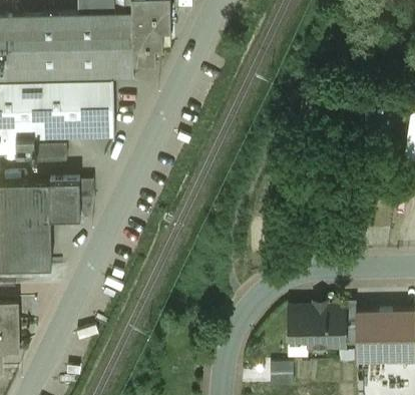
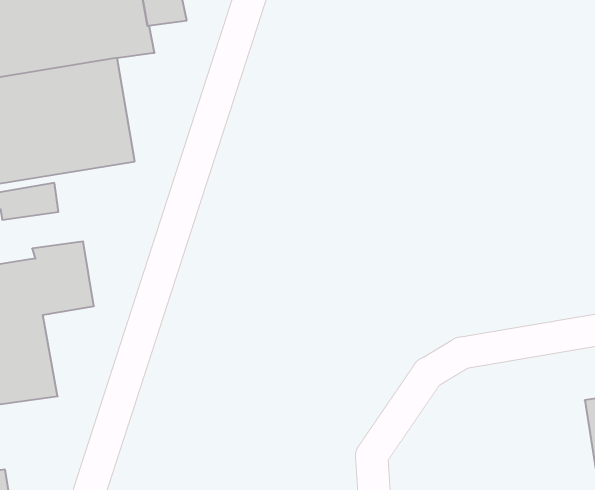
building: [289,307,345,347] -> none

